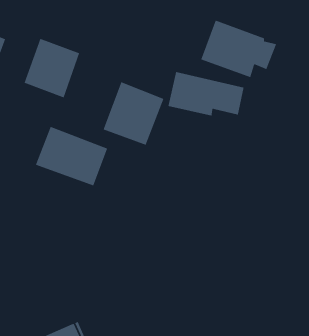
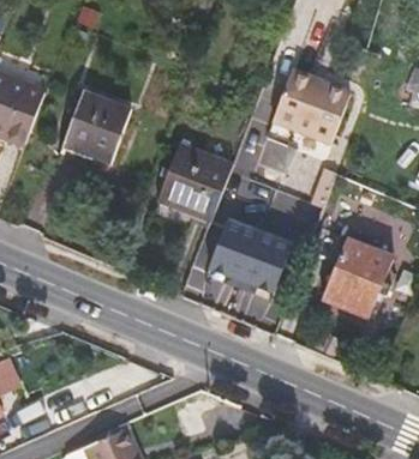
building: [35,126,108,187] -> [206,222,293,294]
building: none -> [322,240,394,319]

